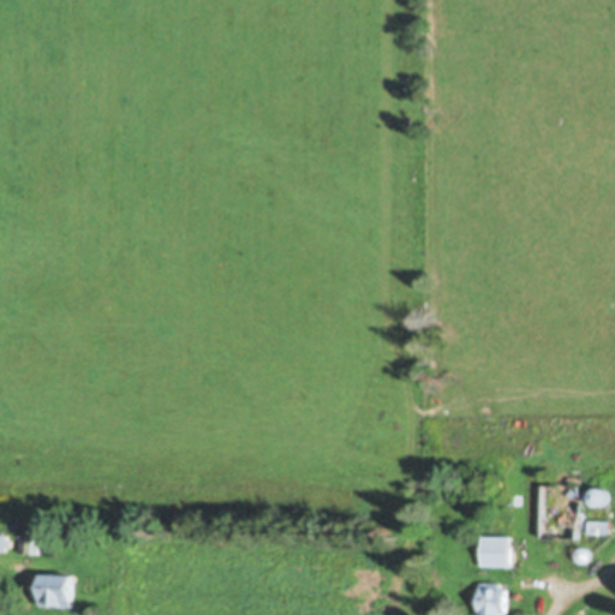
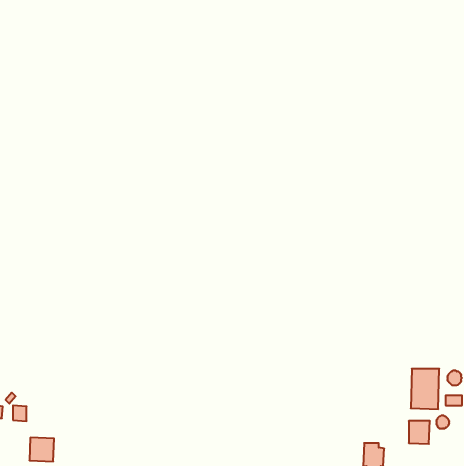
building: [479,537,507,567] -> [409,421,430,444]

